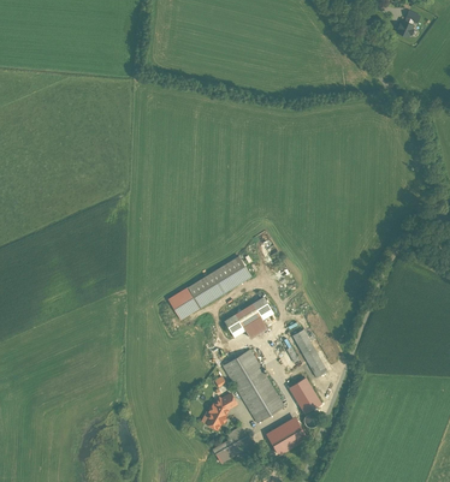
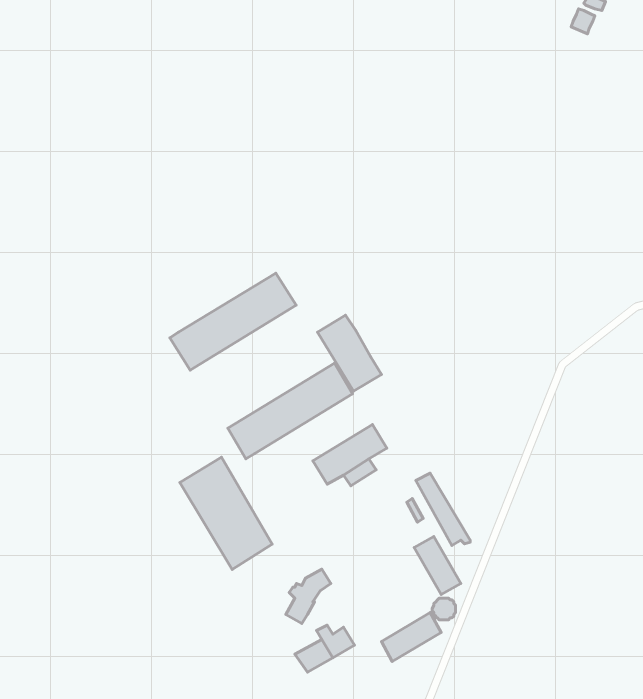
building: none -> [170,273,296,370]
building: none -> [317,315,382,391]
building: [221,347,283,422] -> [180,457,272,569]

